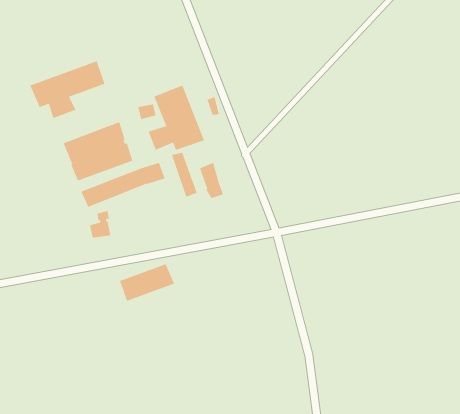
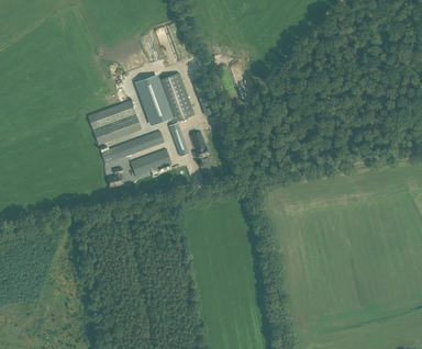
building: [30,61,105,119] -> none
building: [119,263,175,301] -> [130,148,171,177]

